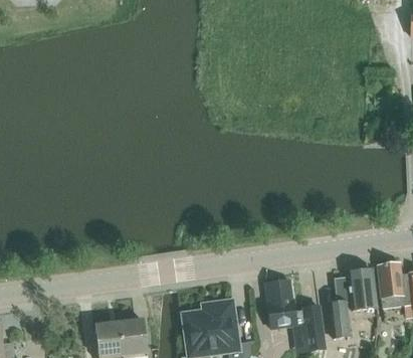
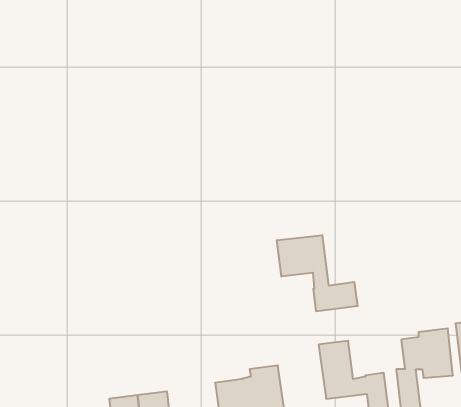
building: none -> [277,235,357,311]

